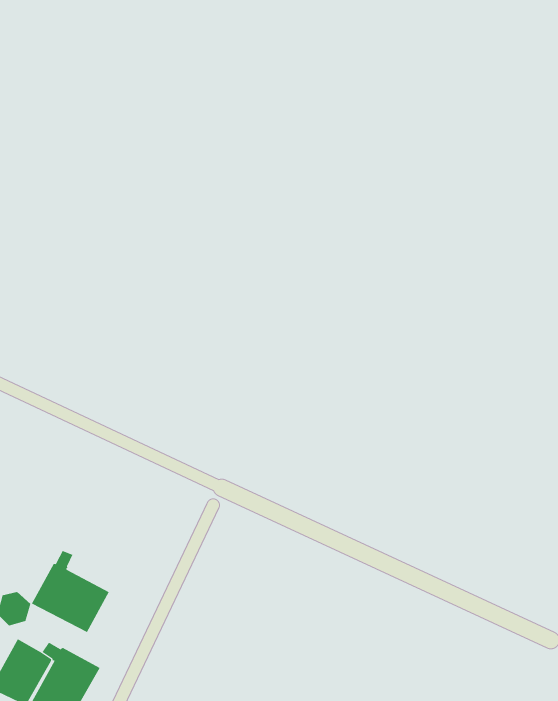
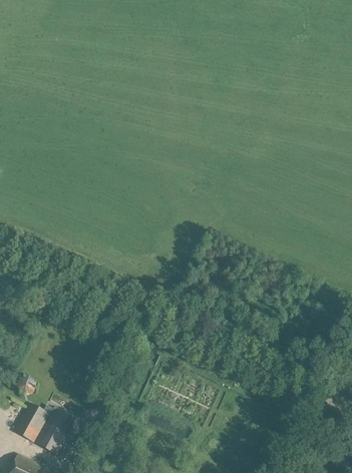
building: [31,550,110,633] -> none

